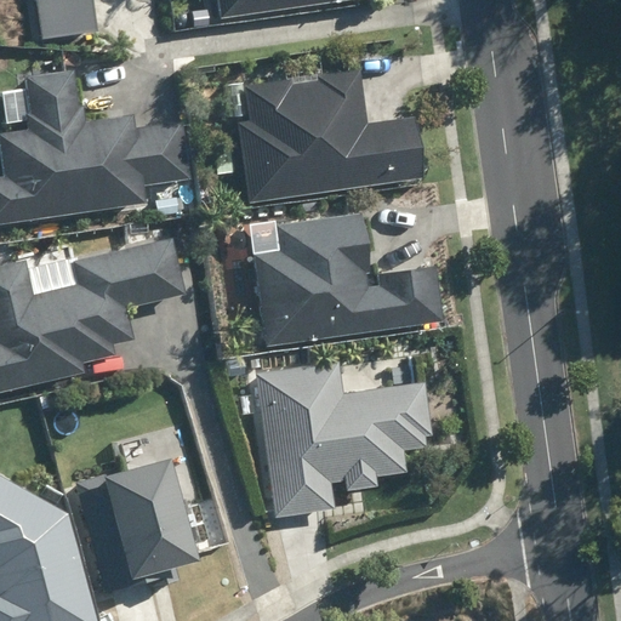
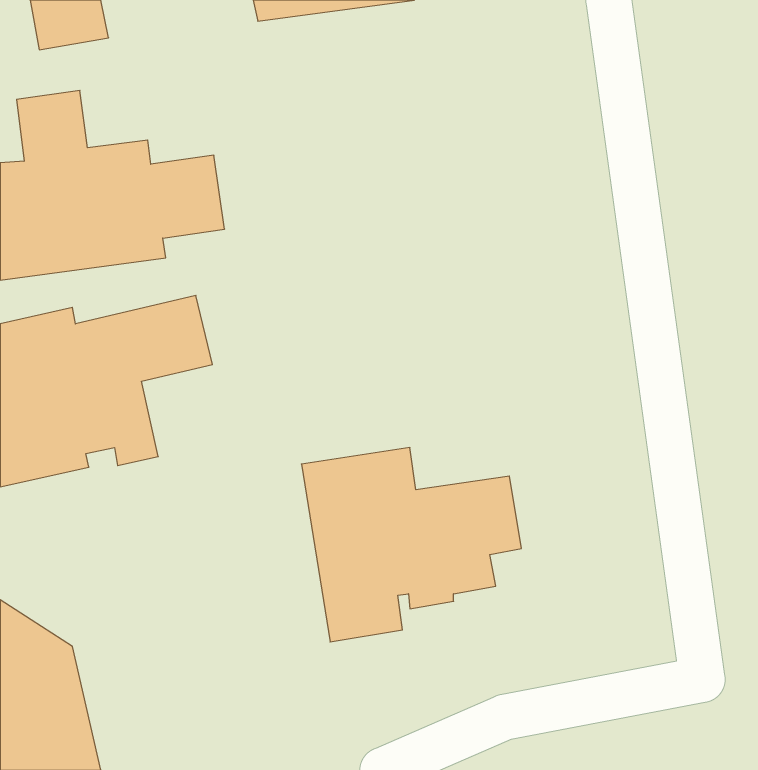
building: [233,69,422,200] -> none
building: [256,213,437,344] -> none
building: [75,458,183,586] -> none

